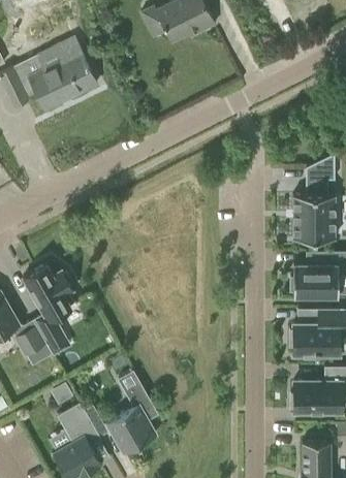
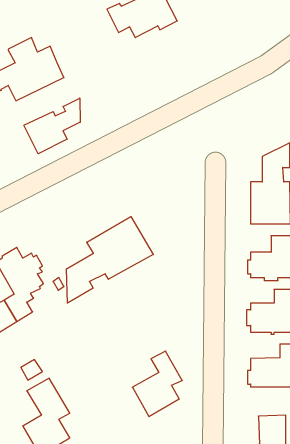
building: none -> [24,98,80,154]
building: none -> [67,217,153,303]
building: [106,384,159,453] -> [132,351,182,417]

